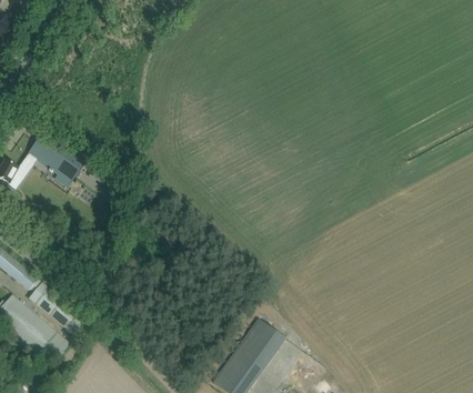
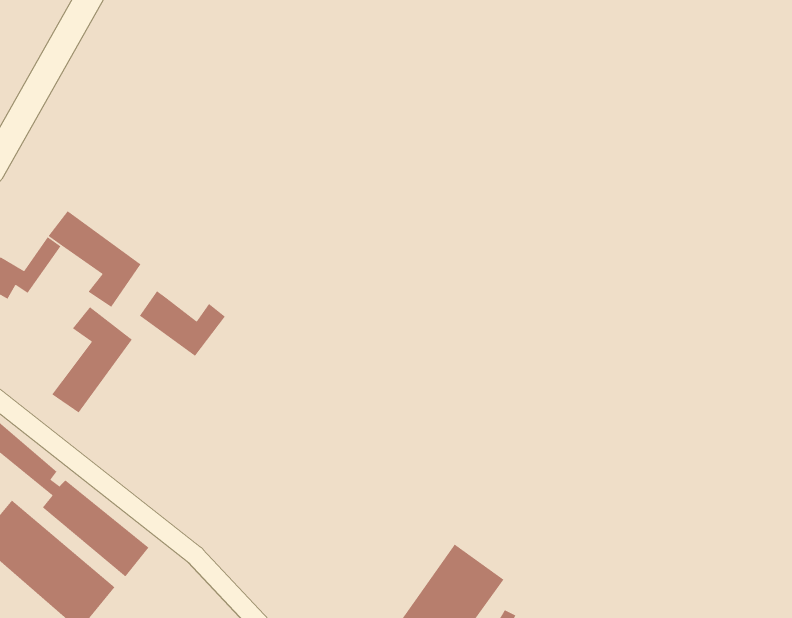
building: none -> [139,290,226,357]
building: none -> [51,306,133,414]

